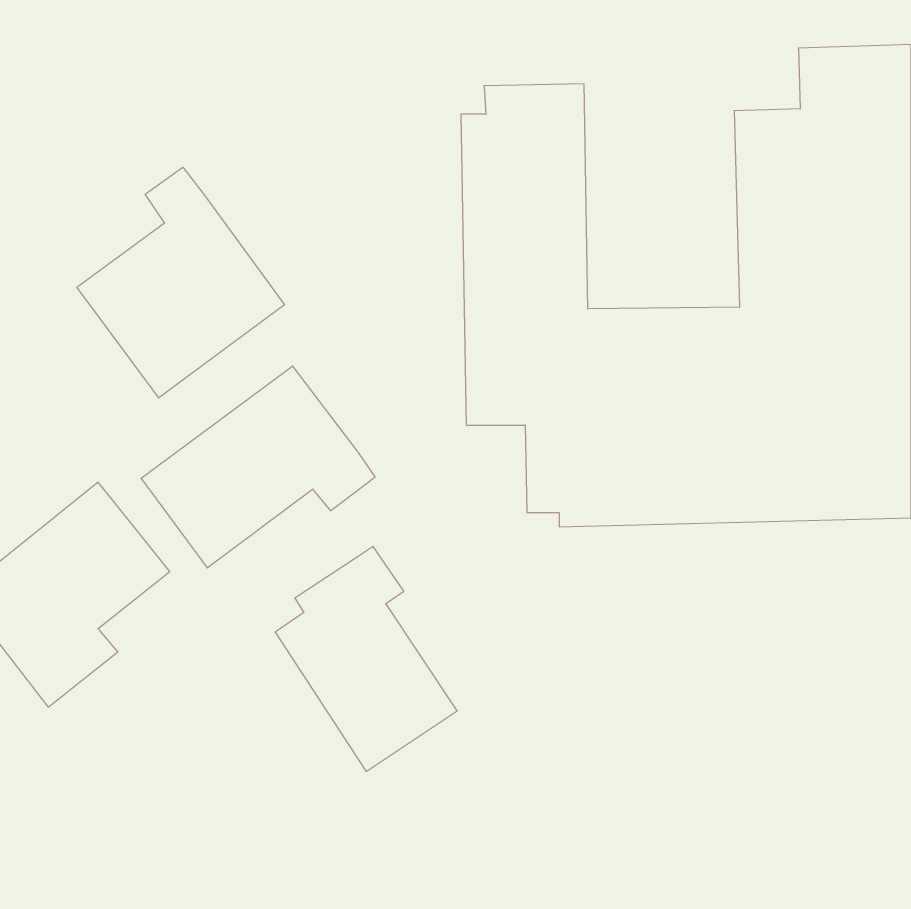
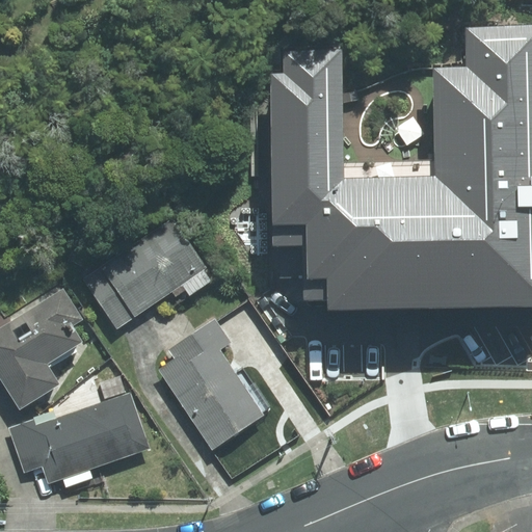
building: [77,167,285,398] -> none
building: none -> [9,371,150,488]

